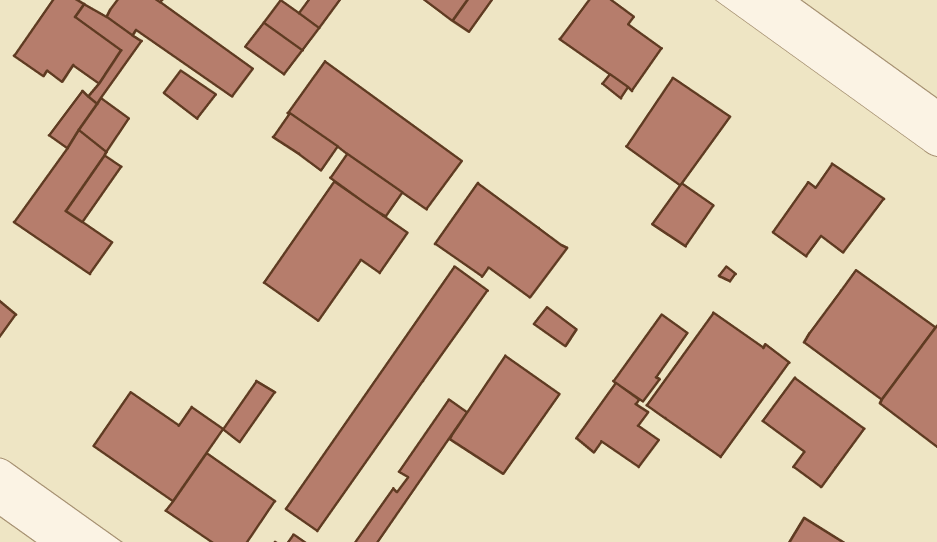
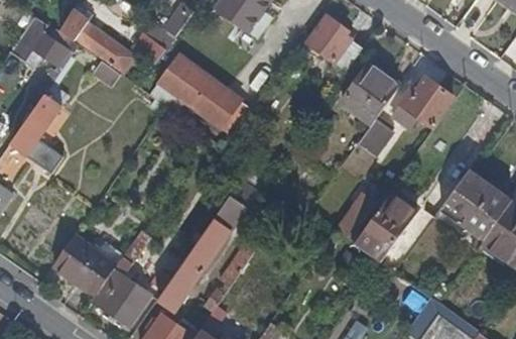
building: [773,164,884,256] -> [392,77,453,127]
building: [264,182,407,321] -> none
building: [435,183,567,297] -> none
building: [450,356,559,474] -> none
building: [763,378,864,487] -> none
building: [576,383,659,467] -> none

